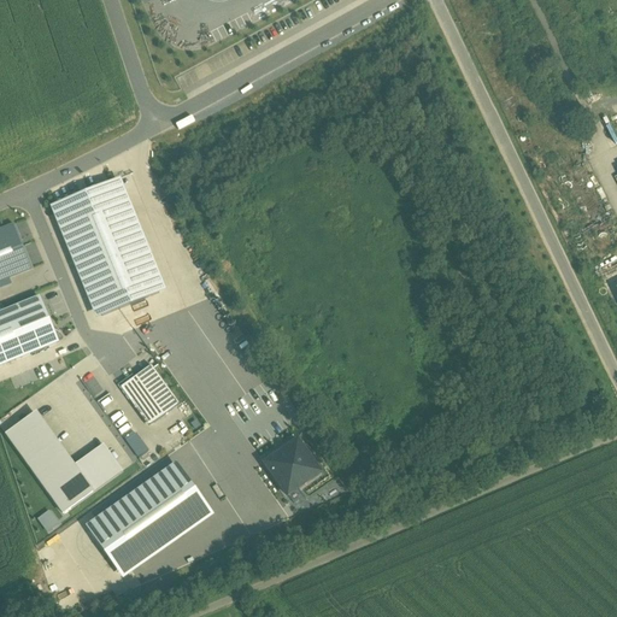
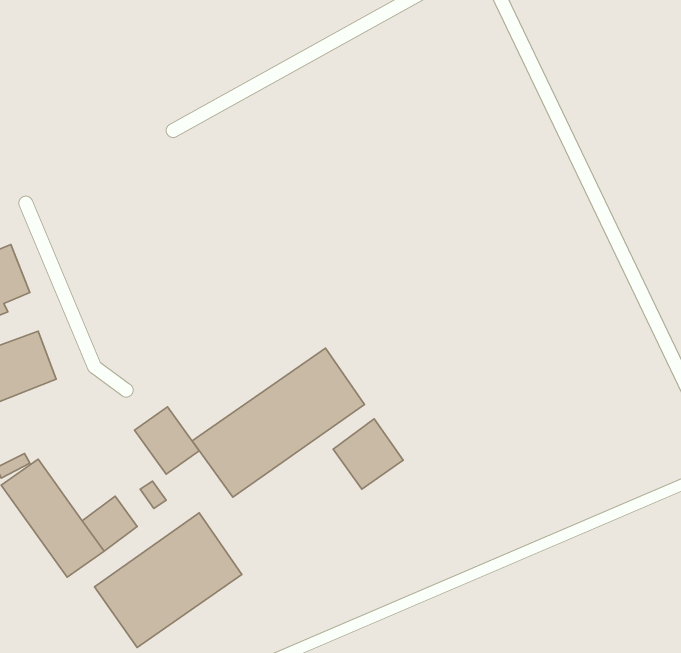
building: [52,176,164,313] -> none
building: none -> [192,348,365,497]
building: [262,433,323,494] -> [333,419,403,489]

